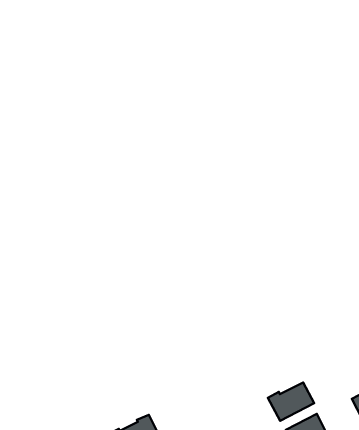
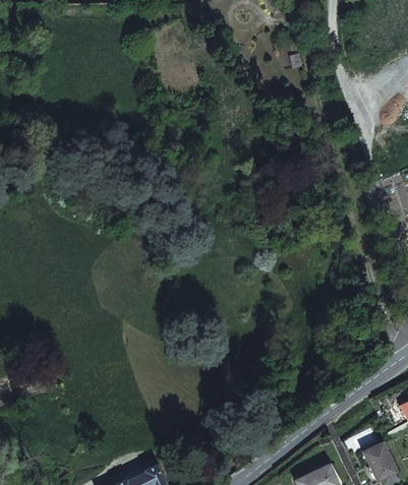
building: [268,382,314,421] -> none

